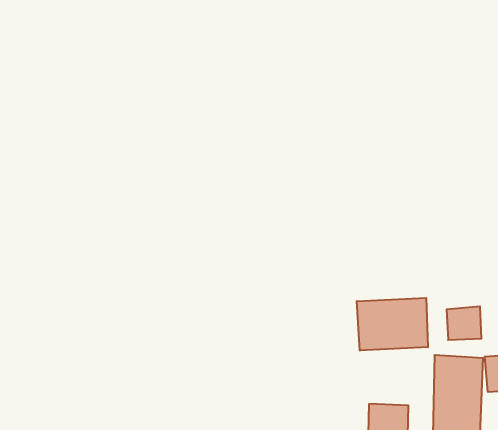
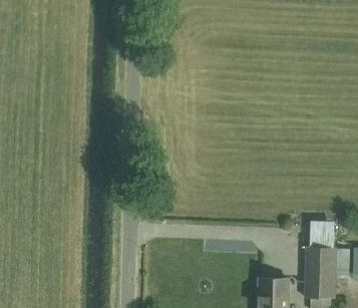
building: [357,298,428,351] -> none

